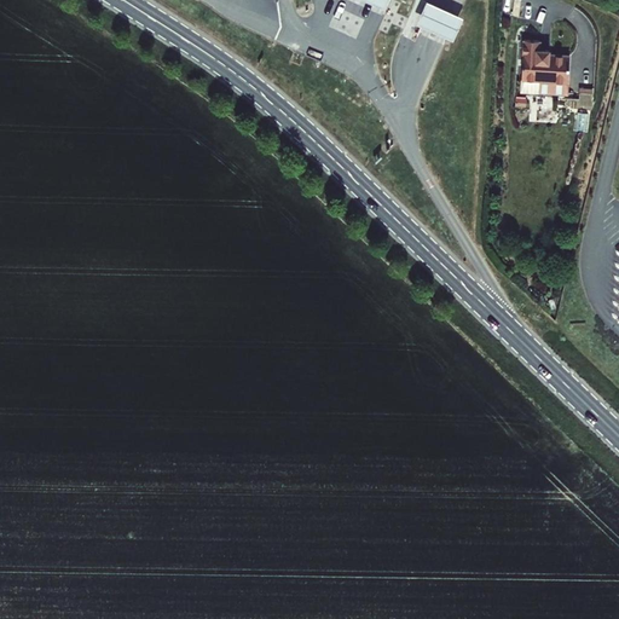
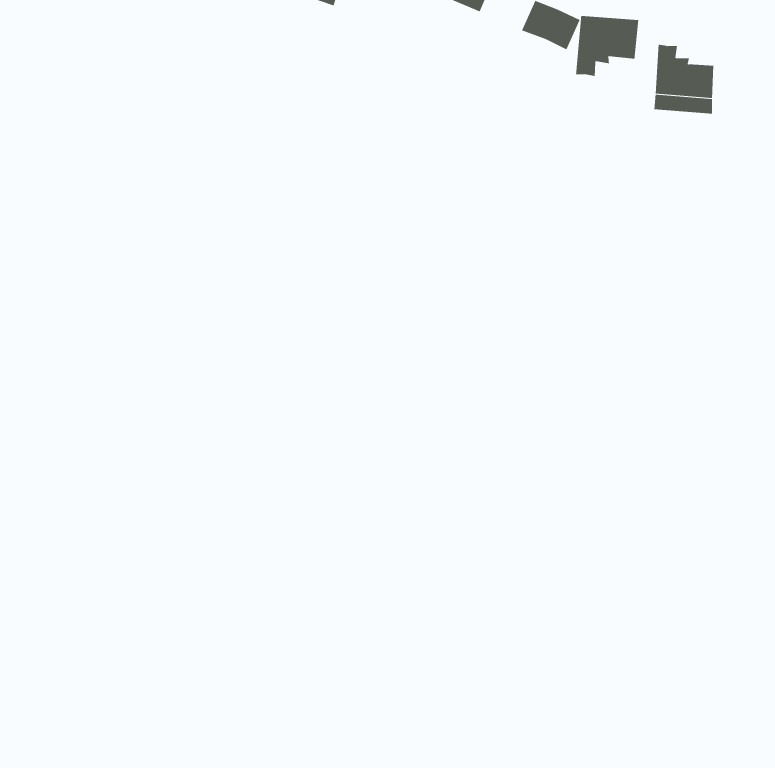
building: none -> [575,15,639,77]

